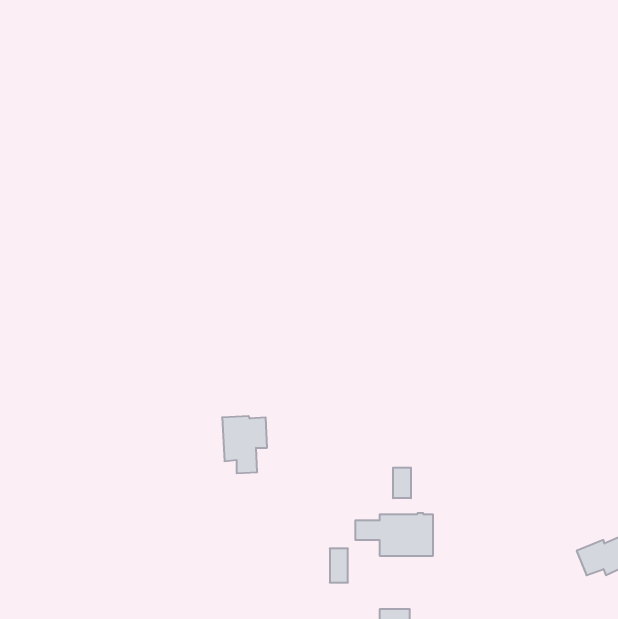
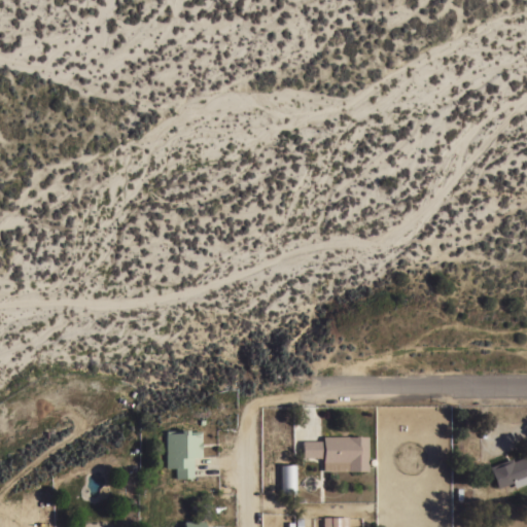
building: [222,416,267,473] -> [165,431,203,480]
building: [393,468,411,498] -> none

